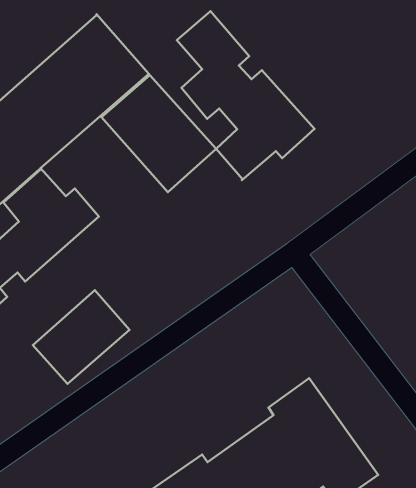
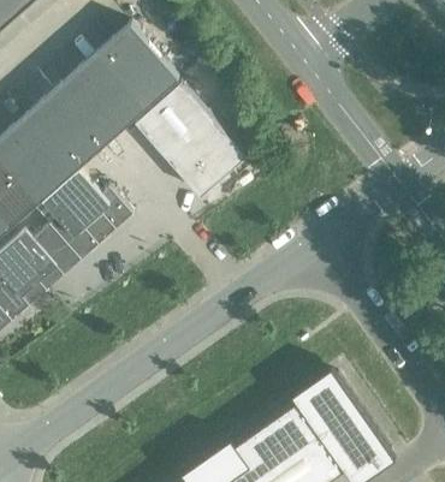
building: [177,11,315,180] -> none
building: [33,290,130,384] -> none

